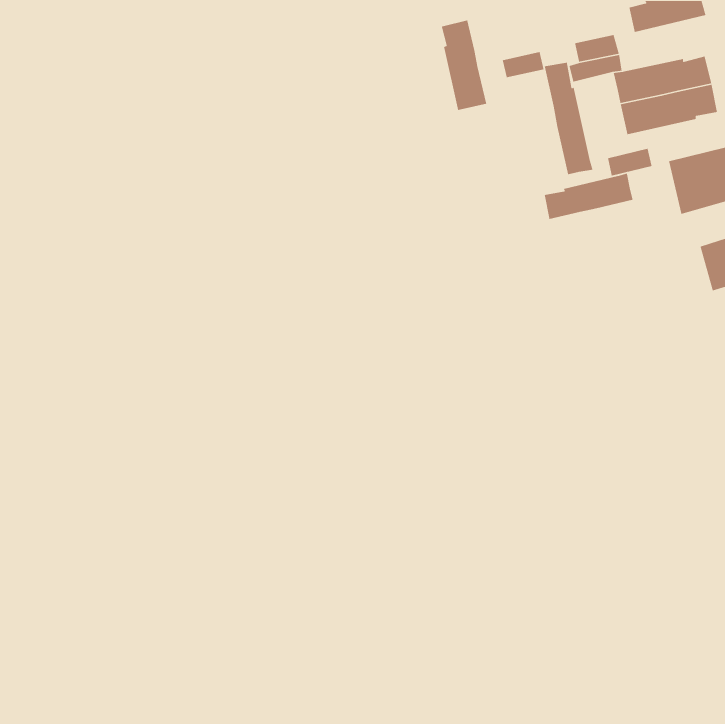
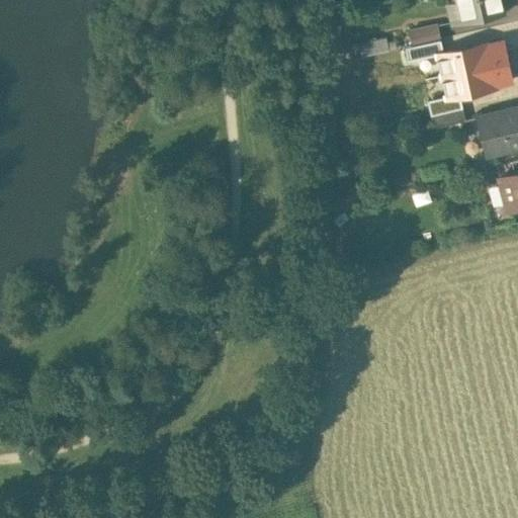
building: [441,20,487,111] -> none
building: [544,62,593,175] -> none
building: [544,172,634,220] -> none

